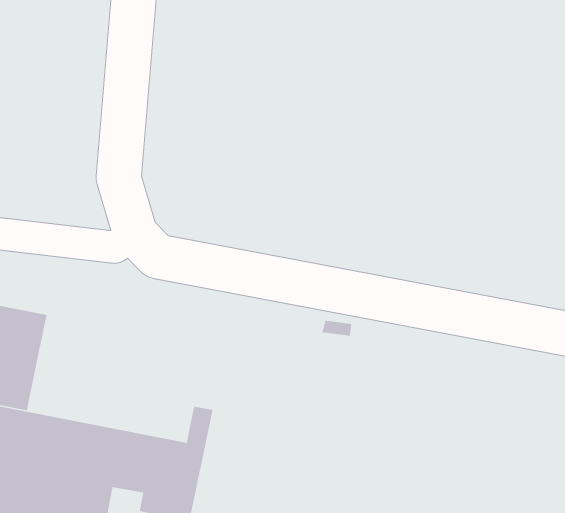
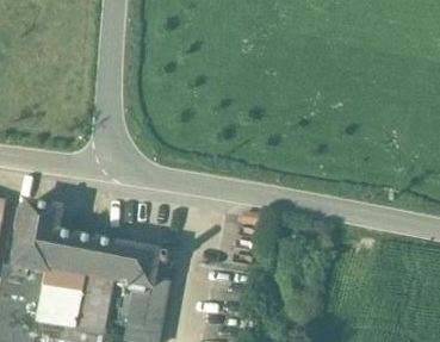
building: none -> [49,230,161,291]

